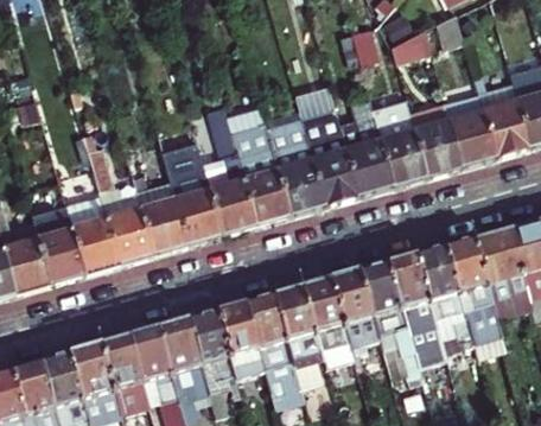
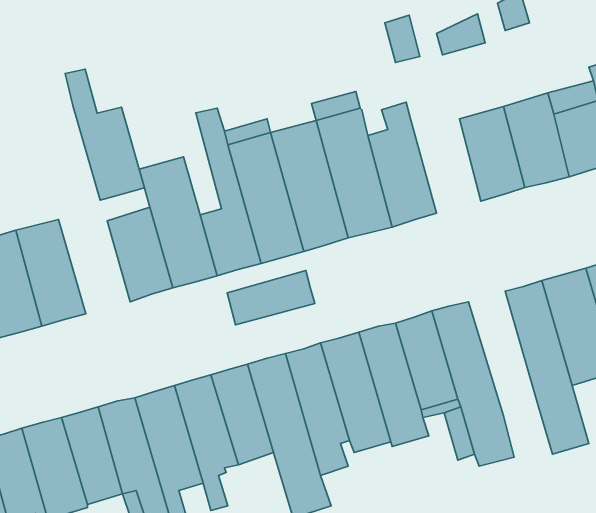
building: [373,101,427,185] -> none
building: [93,161,154,263] -> [65,69,145,200]
building: none -> [227,270,315,325]
building: [418,246,472,343] -> none

